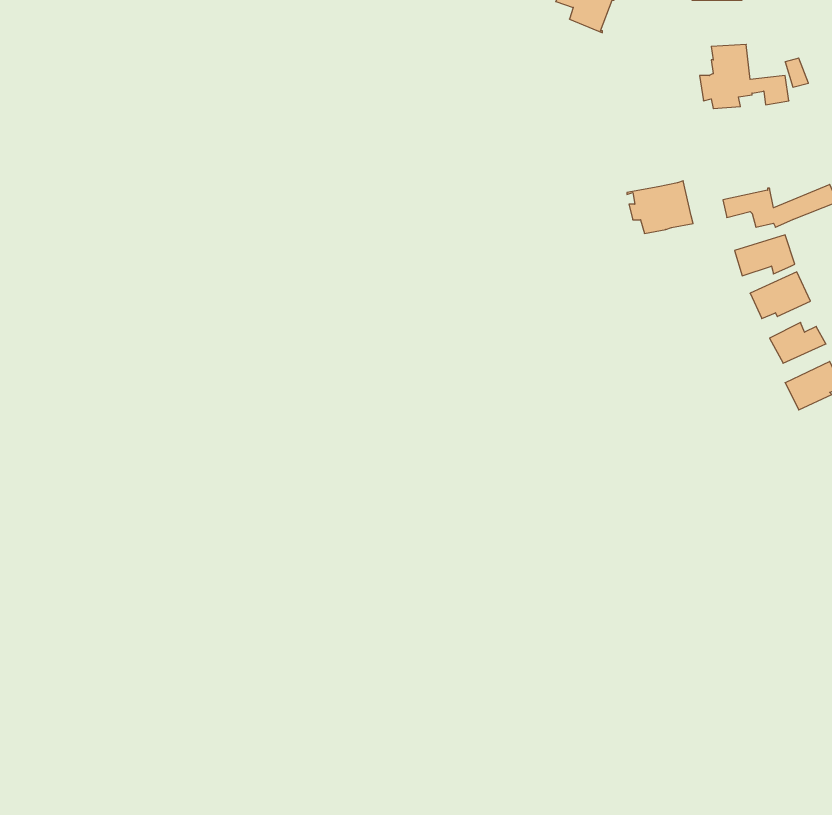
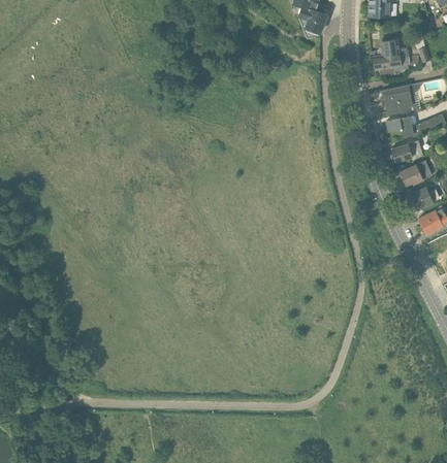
building: [627,181,693,233] -> [379,85,414,112]

